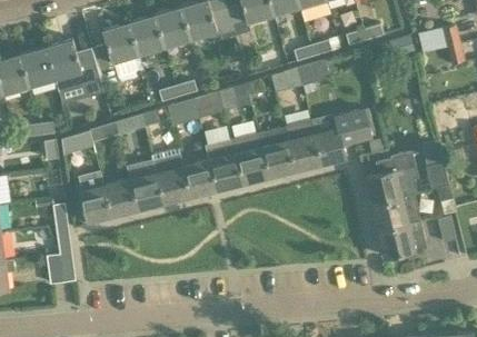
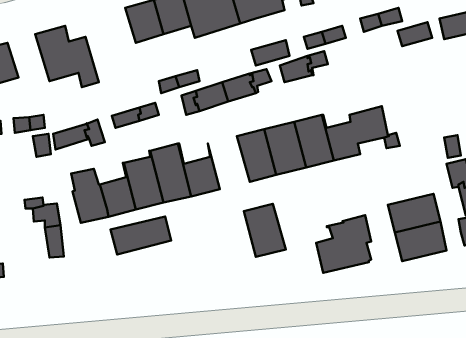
building: [91,23,138,92] -> none
building: [19,48,54,88] -> none
building: [205,142,244,191] -> [244,204,286,257]
building: [365,152,416,206] -> [316,215,371,273]
building: none -> [111,216,171,255]
building: [44,254,74,285] -> none

